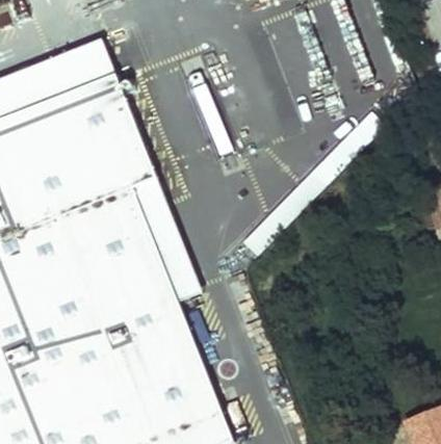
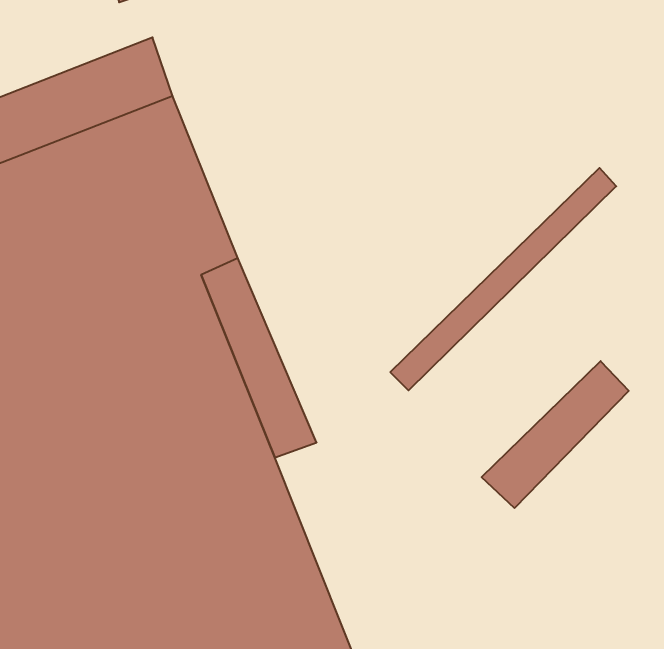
building: none -> [482,361,629,508]

